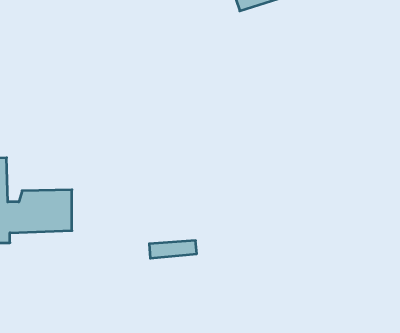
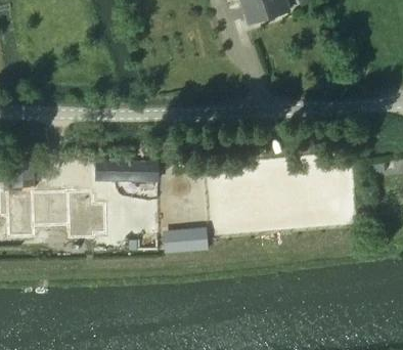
building: none -> [96,160,159,181]

